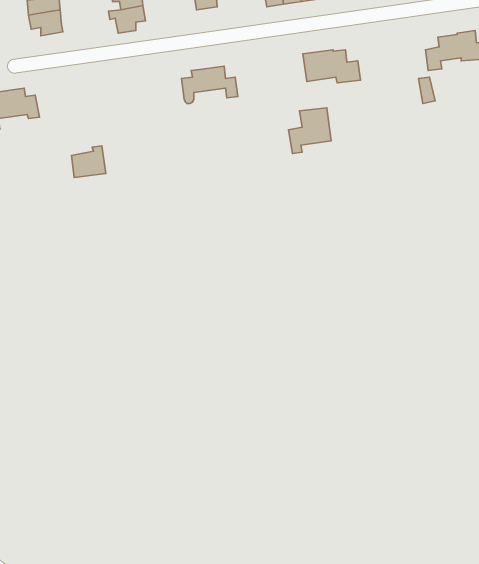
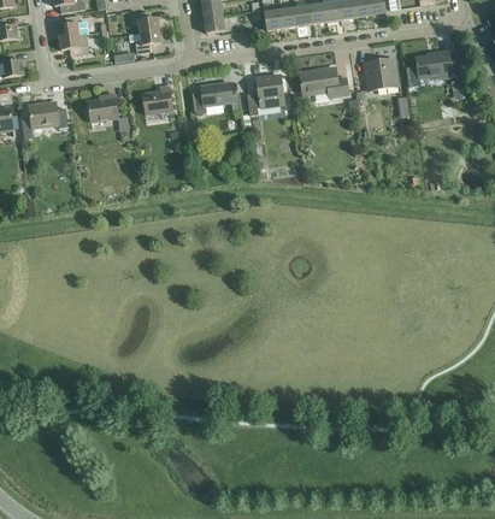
building: none -> [364,58,399,89]
building: none -> [142,85,173,113]
building: [288,108,331,153] -> [247,75,284,114]
building: [71,146,106,177] -> [88,93,118,120]

